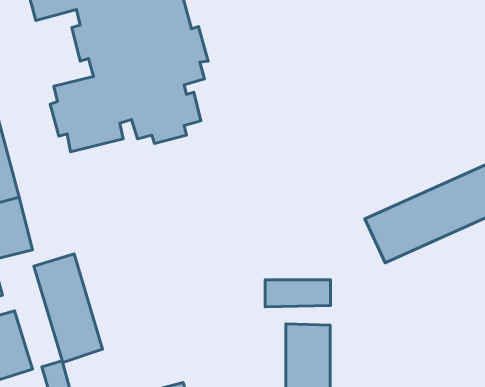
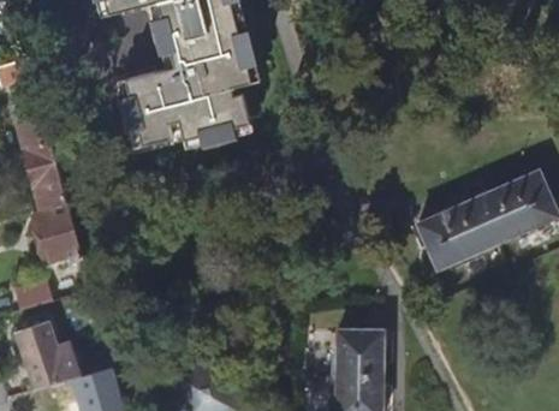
building: [34,254,103,362] -> none
building: [265,280,331,307] -> none

